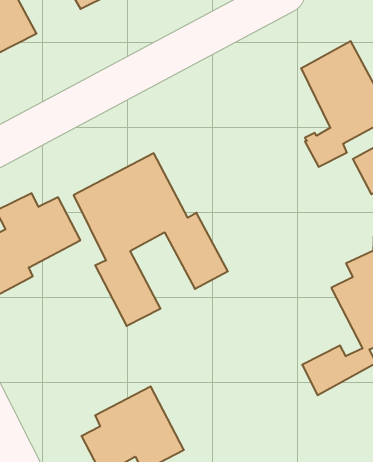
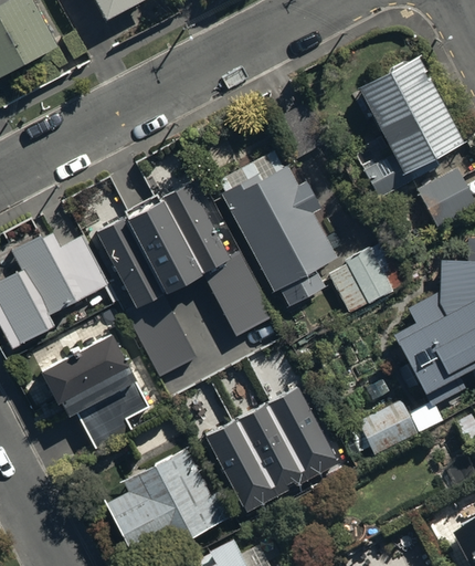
building: none -> [220,151,338,307]
building: none -> [330,248,391,313]
building: none -> [43,335,150,448]
building: none -> [207,386,342,511]

